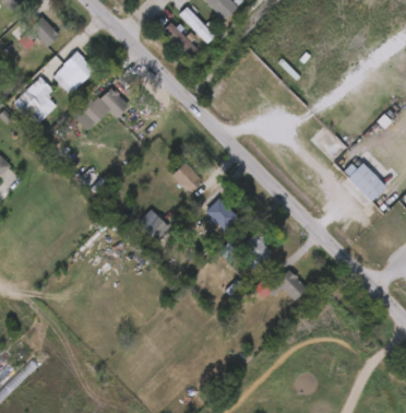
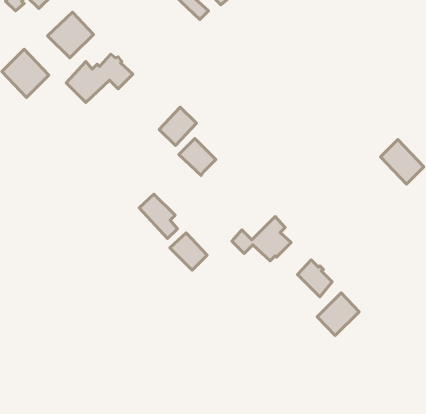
building: none -> [159,107,196,145]
building: [207,197,240,229] -> [170,233,207,270]
building: none -> [317,293,359,336]

